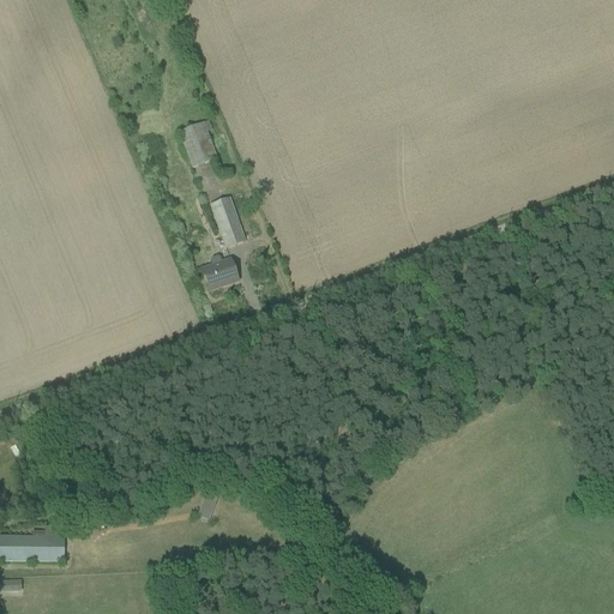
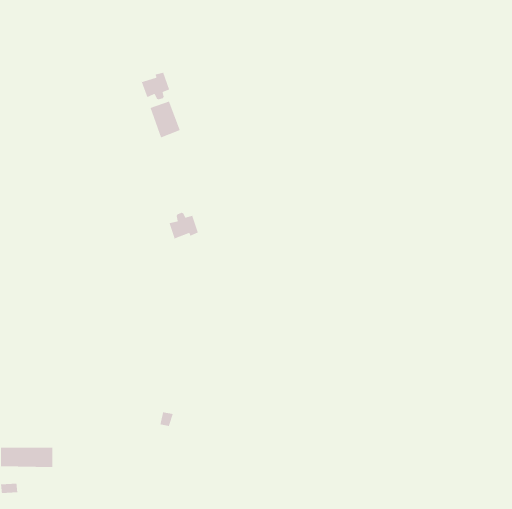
building: none -> [140,72,170,100]
building: [211,195,246,246] -> none

